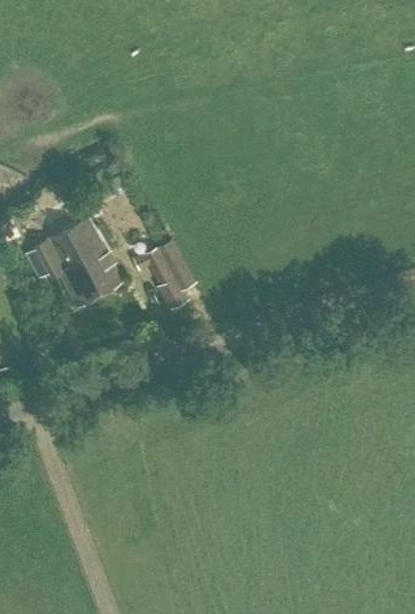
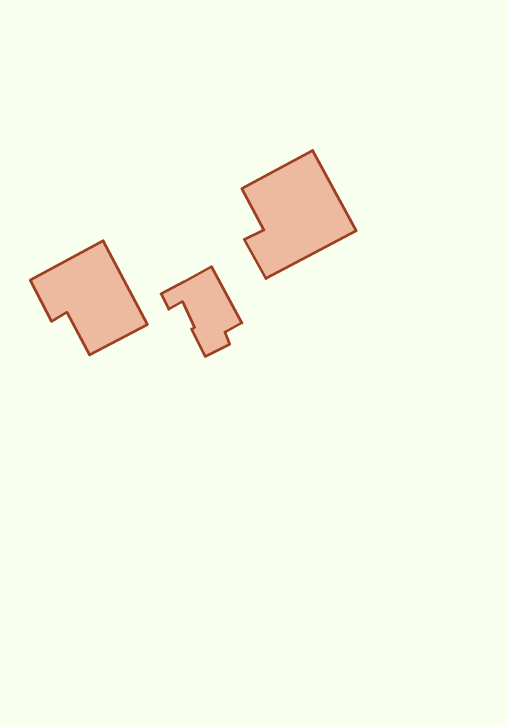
building: none -> [242,150,356,279]

